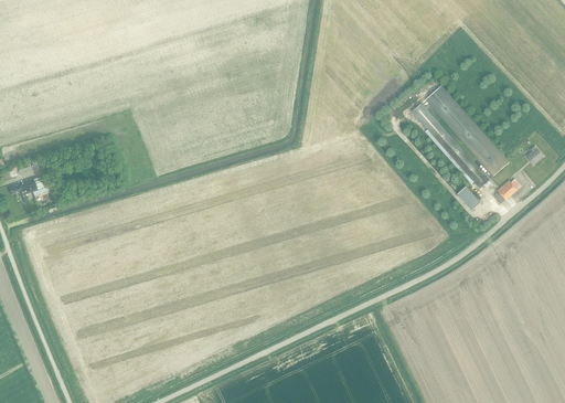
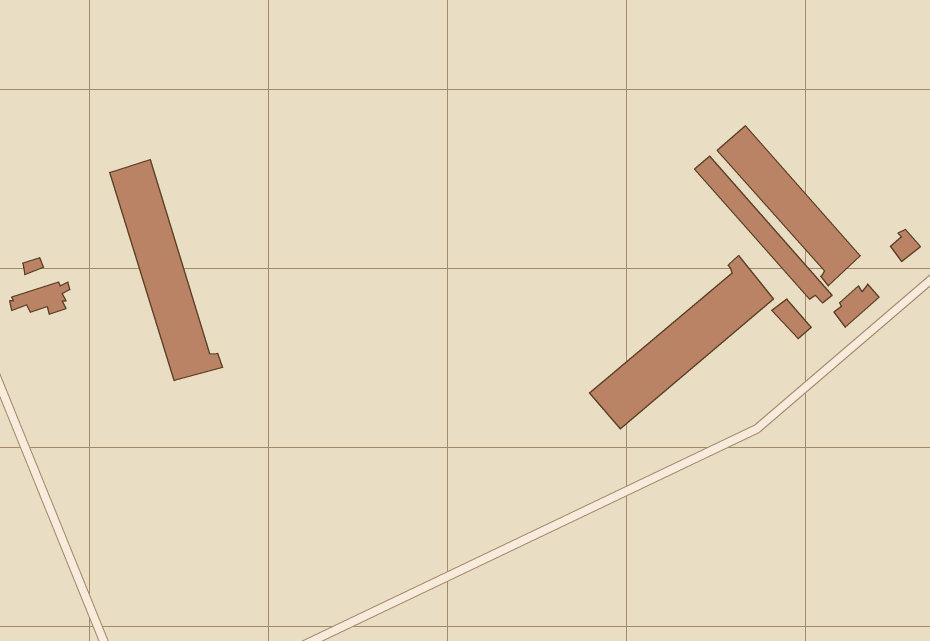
building: none -> [110,160,223,381]
building: none -> [589,256,773,429]

